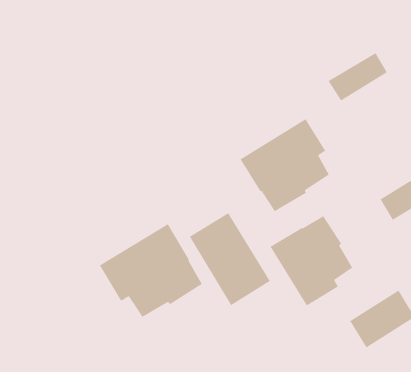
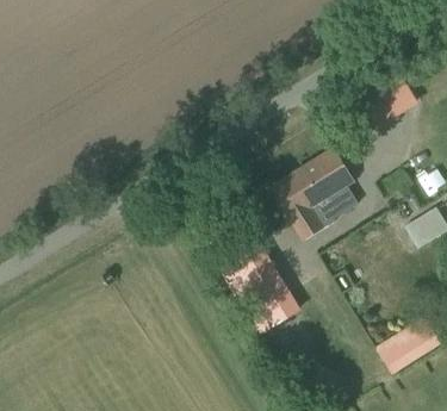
building: [270,215,353,306] -> none
building: [99,223,203,318] -> none

